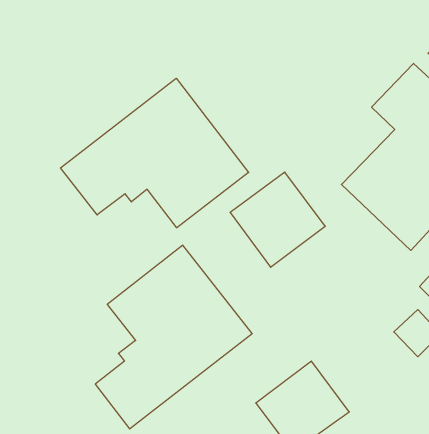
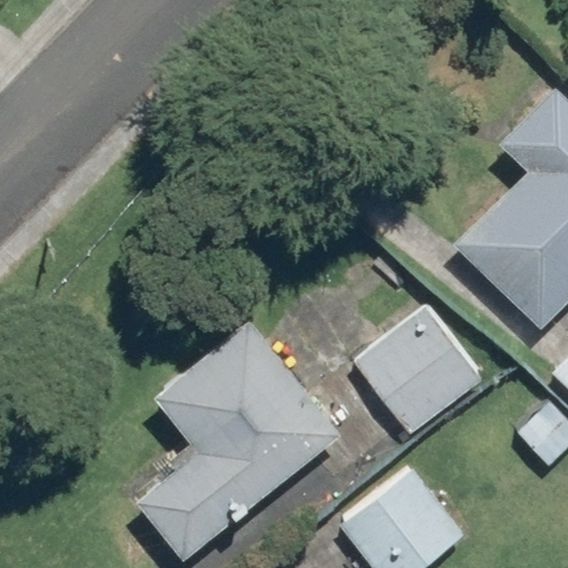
building: [60,78,249,228] -> none
building: [230,172,325,267] -> [364,306,487,429]

